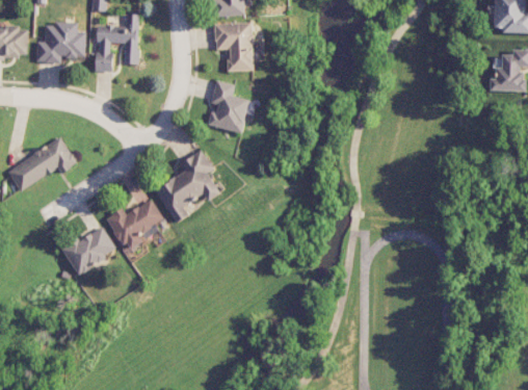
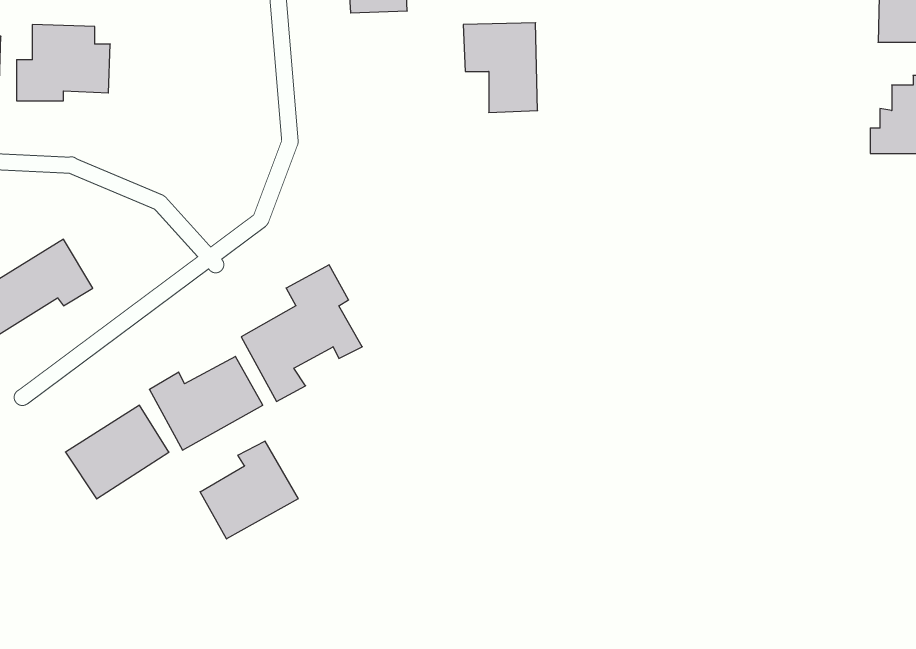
building: [95,14,137,71] -> none
building: [213,23,253,71] -> [463,23,538,112]
building: [207,80,248,133] -> none
building: none -> [200,441,298,539]

